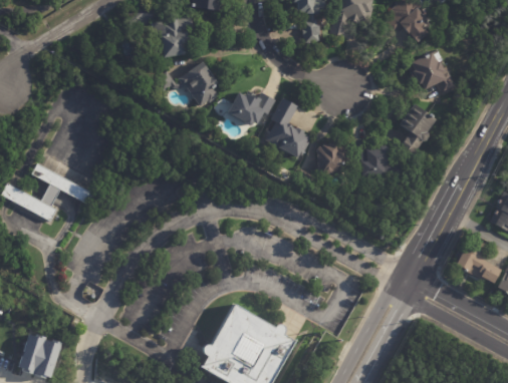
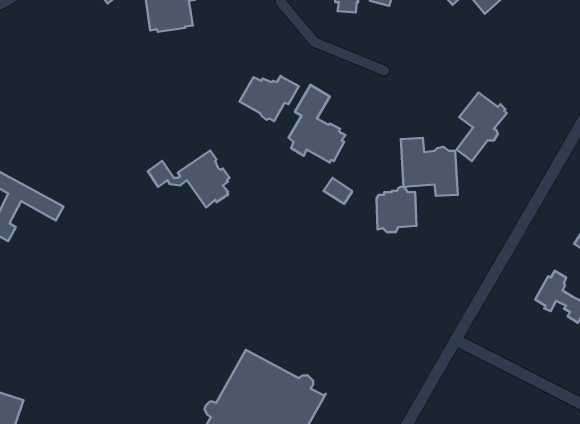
building: [412,51,456,94] -> none
building: [155,61,218,105] -> [148,151,229,207]
building: [316,140,347,175] -> [376,187,416,232]

